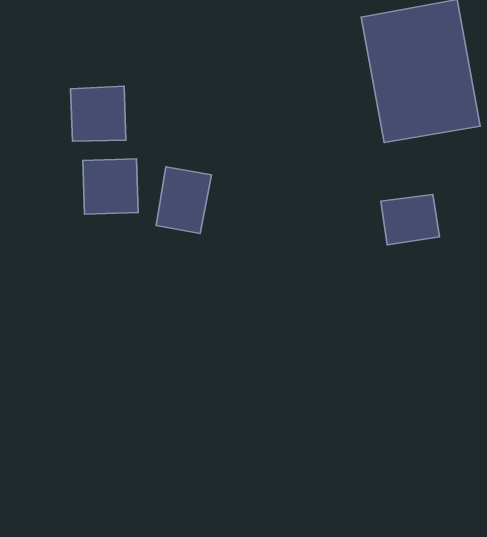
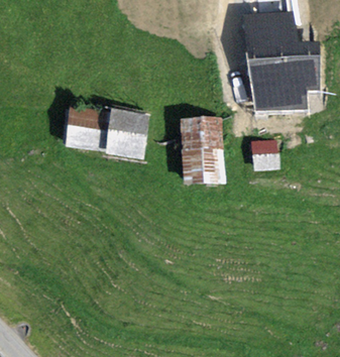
building: [71,86,126,141] -> none
building: none -> [183,118,226,180]

